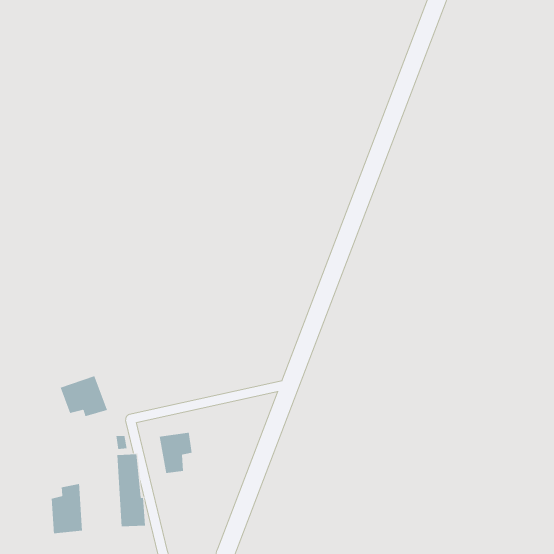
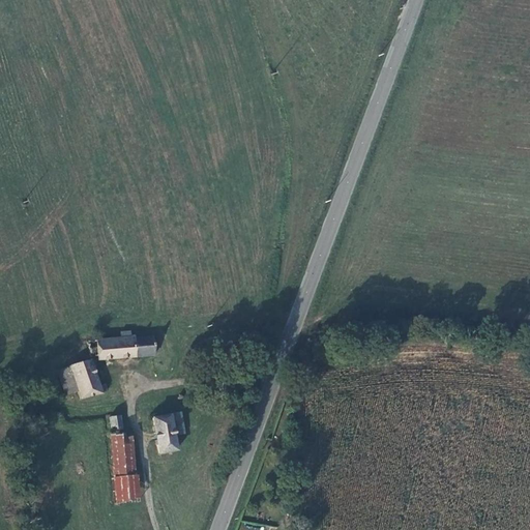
building: none -> [91,328,155,357]
building: [51,483,82,534] -> none

